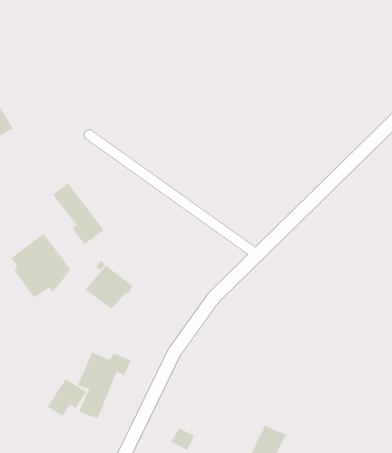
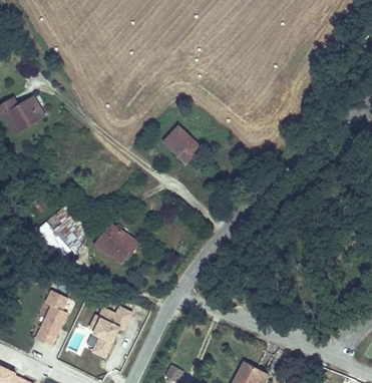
building: none -> [163,126,199,159]
building: [52,183,105,245] -> none
building: none -> [36,278,71,345]

